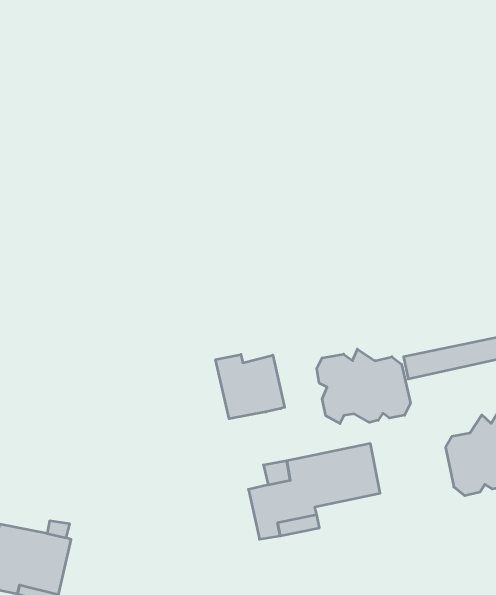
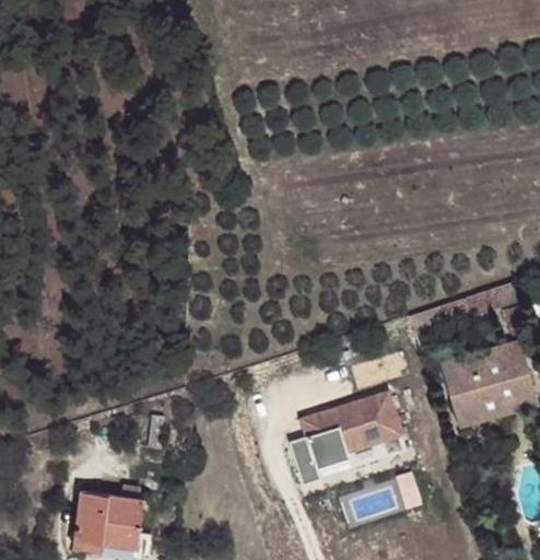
building: [317,349,410,424] -> none
building: [216,354,285,419] -> none

